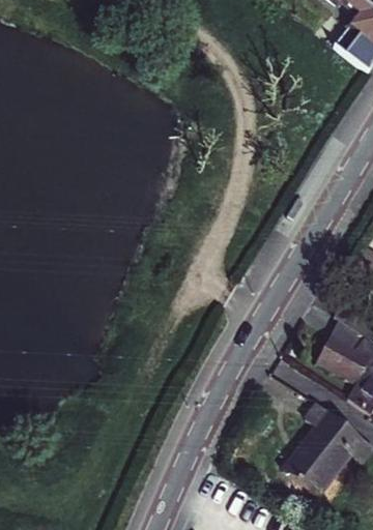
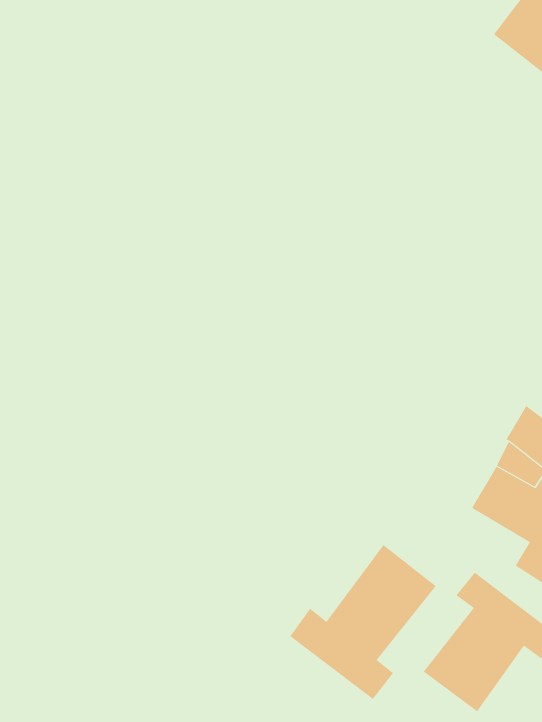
building: none -> [289,544,437,700]

